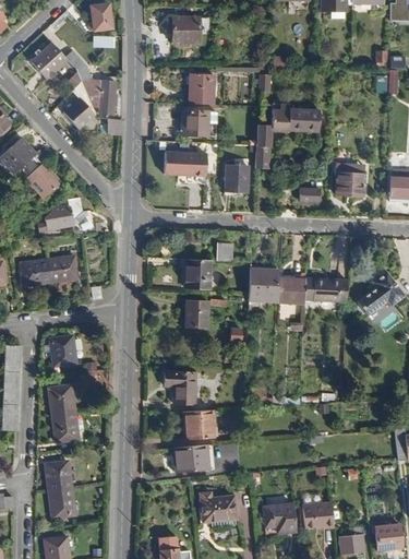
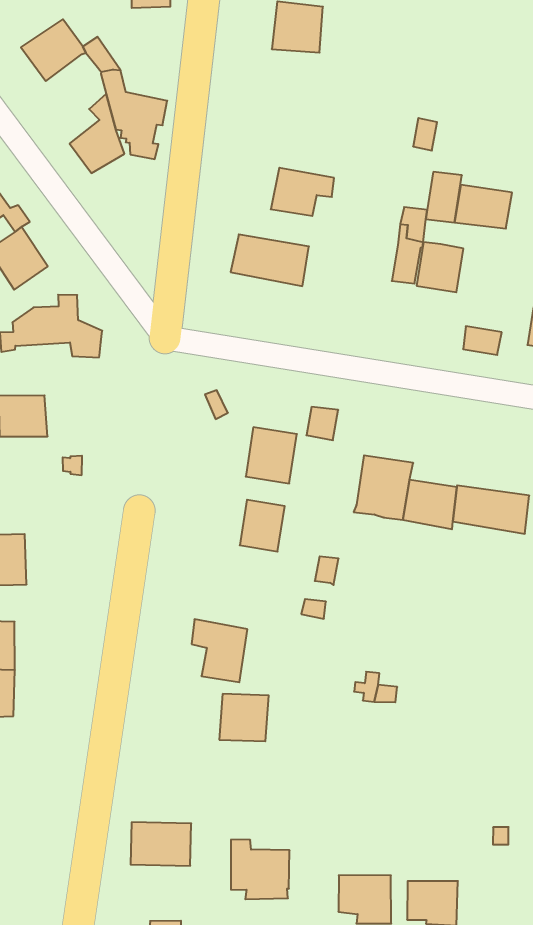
building: [190,74,215,106] -> none
building: [226,166,250,192] -> [417,242,463,292]
building: [175,445,210,473] -> [131,822,191,866]

